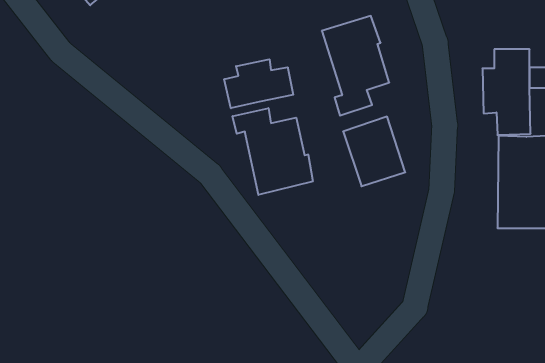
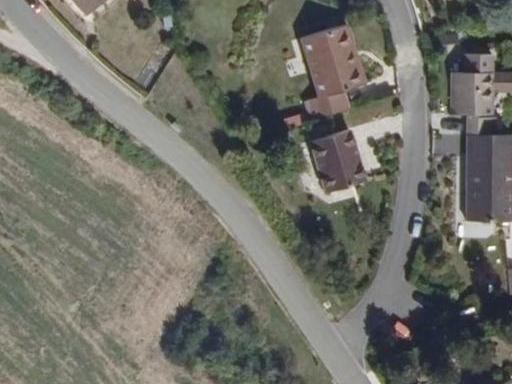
building: [224,59,293,108] -> none
building: [233,108,313,195] -> none

